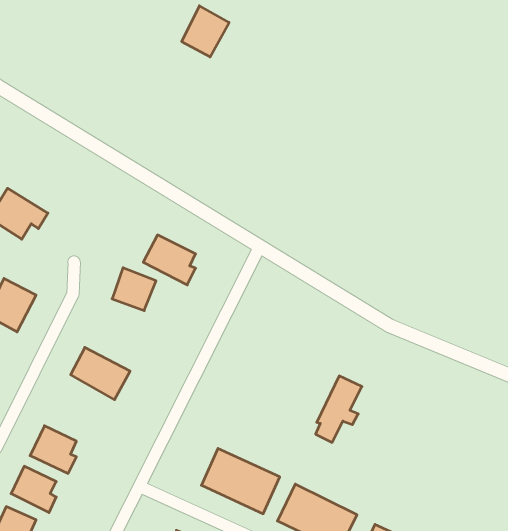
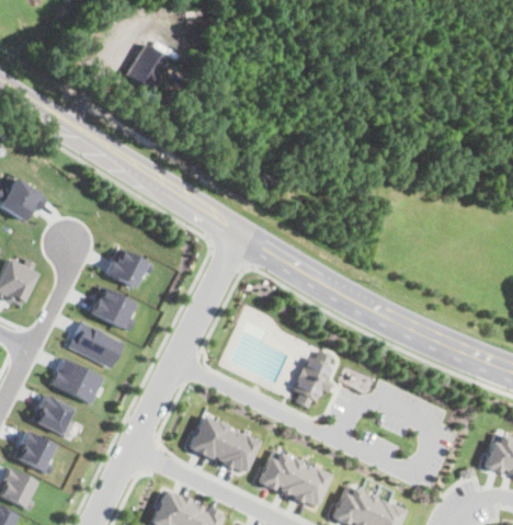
building: [182,6,229,57] -> [125,45,169,92]
building: [143,235,196,285] -> [88,286,136,332]
building: none -> [49,358,103,403]

